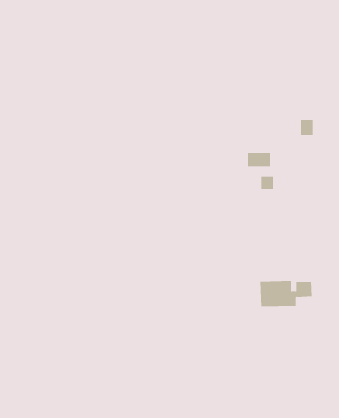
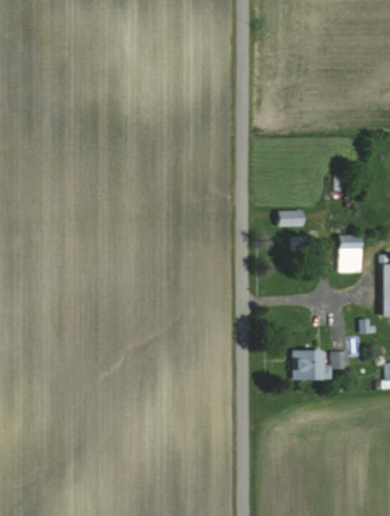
building: none -> [338,234,361,271]

